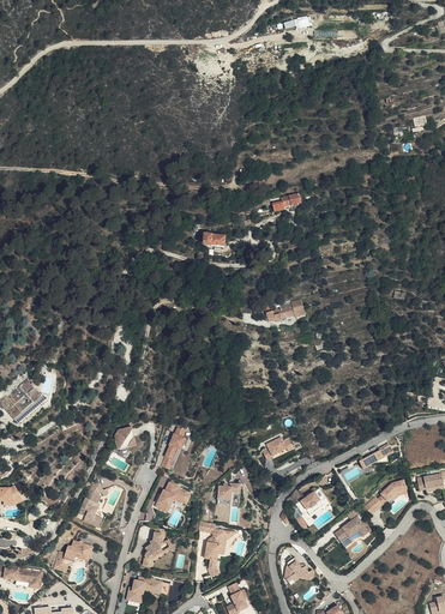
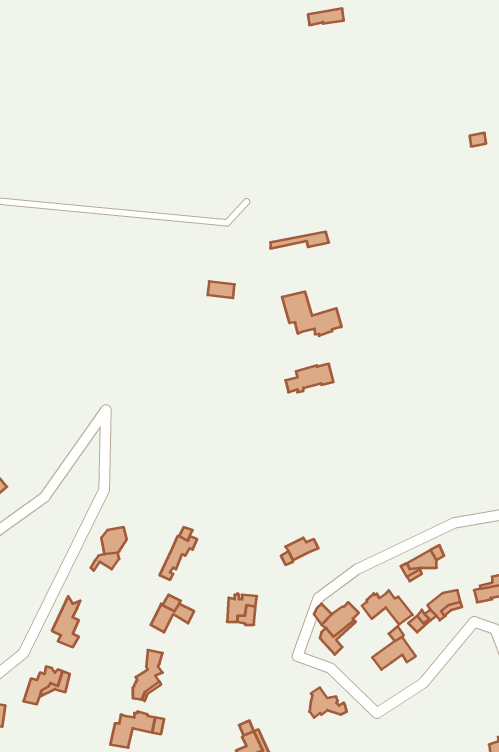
building: none -> [282,292,341,336]
building: none -> [362,590,413,624]
building: [204,524,227,577] -> none

